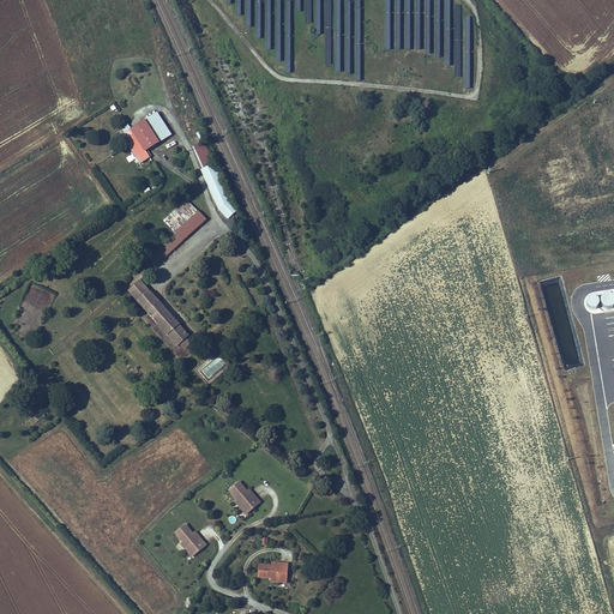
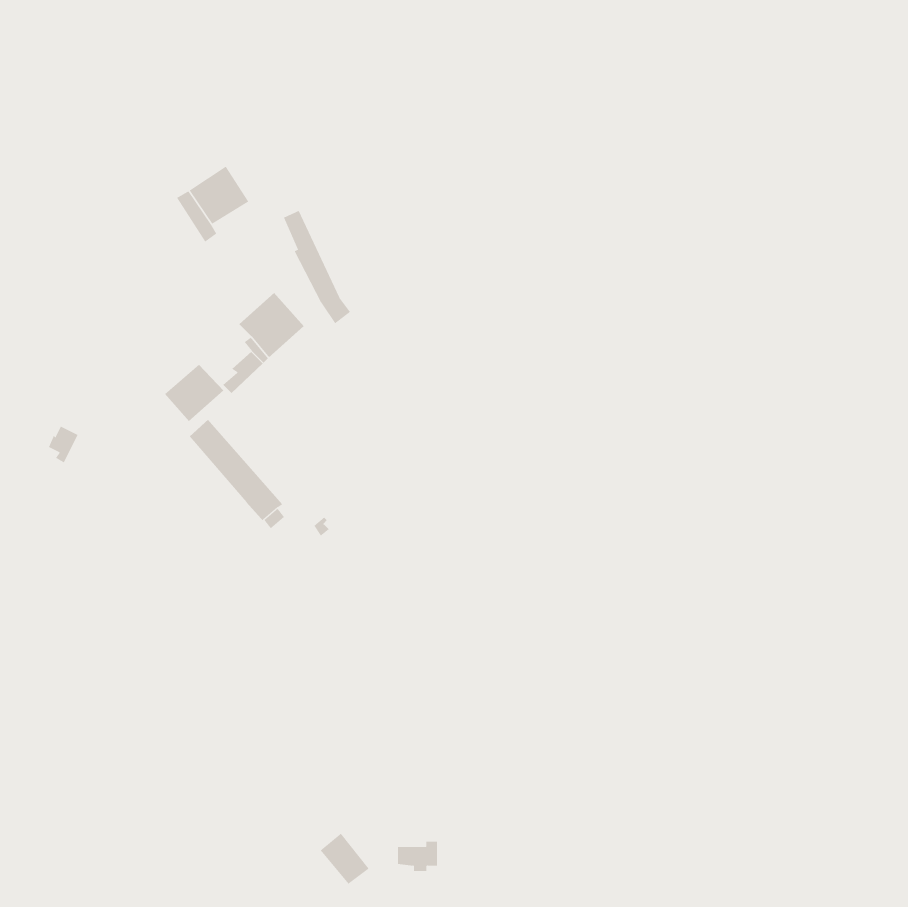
building: none -> [164,364,224,422]
building: [229,477,264,513] -> none
building: [174,519,207,554] -> [320,833,370,885]

